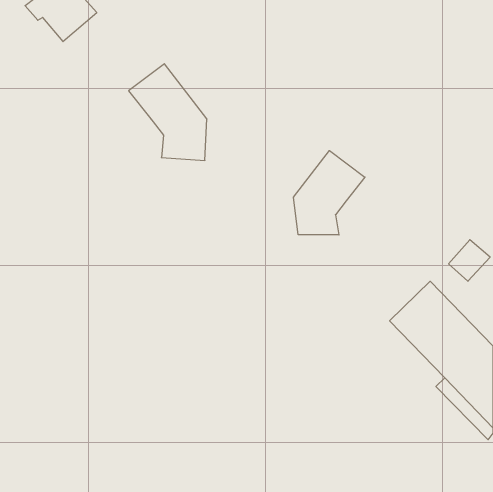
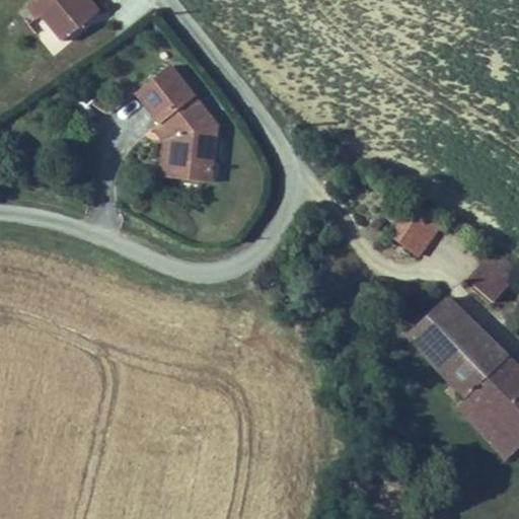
building: none -> [153,125,215,181]
building: [294,151,365,235] -> none
building: none -> [392,206,442,254]

